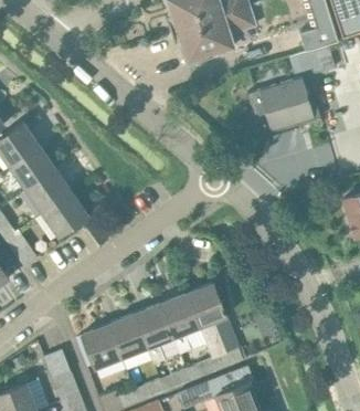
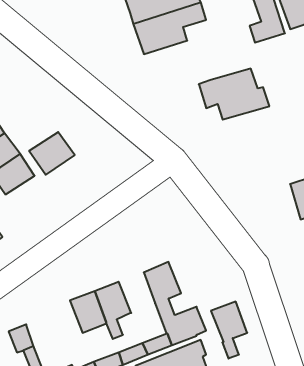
building: [289,45,335,76] -> none
building: [40,191,88,236] -> [29,132,75,175]
building: [160,294,199,355] -> [211,302,247,359]
building: [80,324,121,369] -> none

